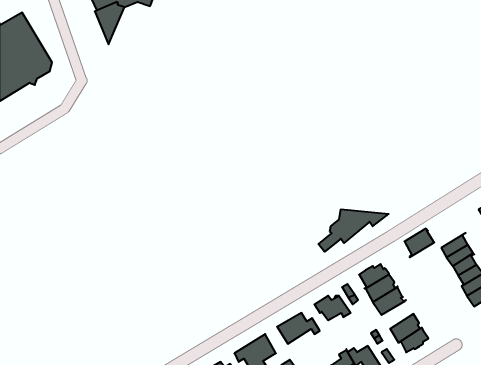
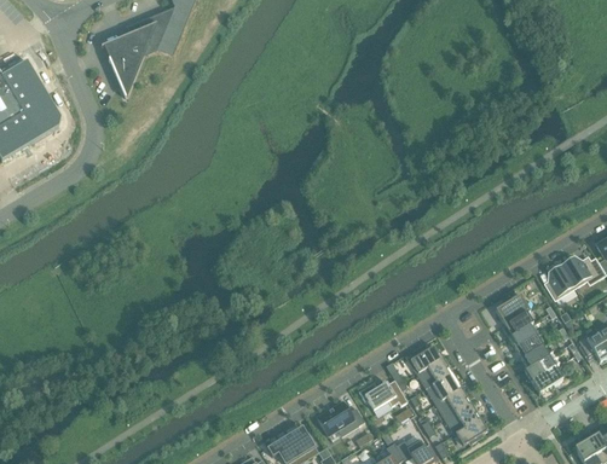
building: [318,209,389,252] -> none
building: [404,229,434,257] -> [496,294,530,326]
building: none -> [434,387,470,418]

